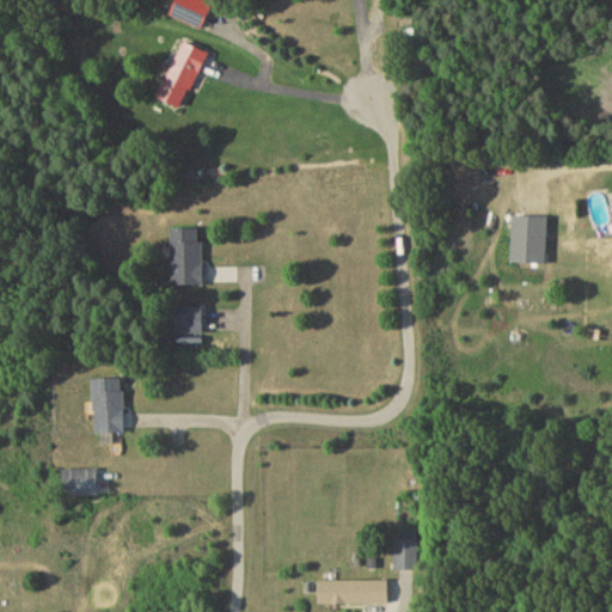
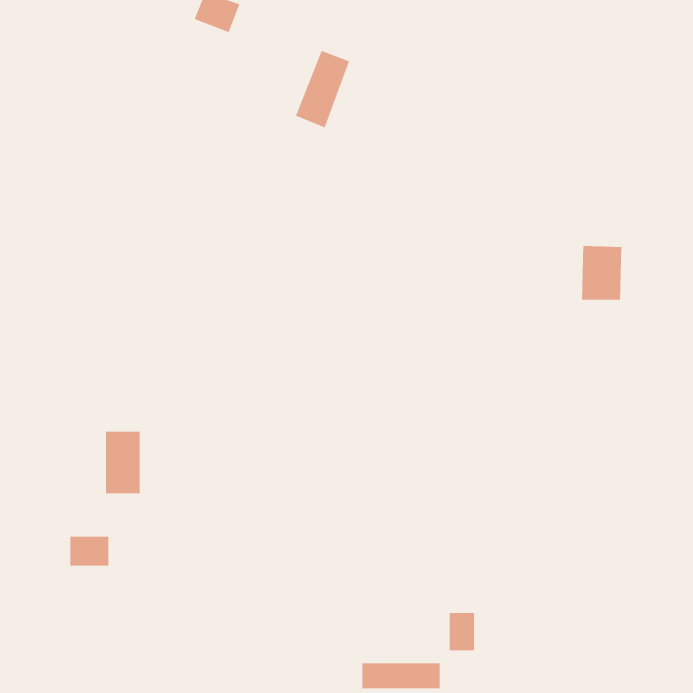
building: [157,41,204,109] -> [295,50,350,128]
building: [170,228,202,284] -> none
building: [164,306,202,332] -> none

